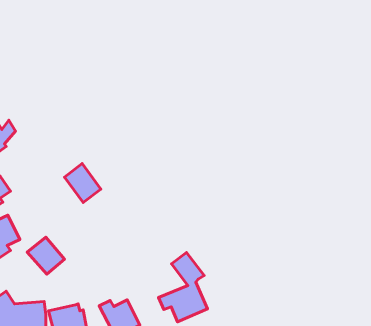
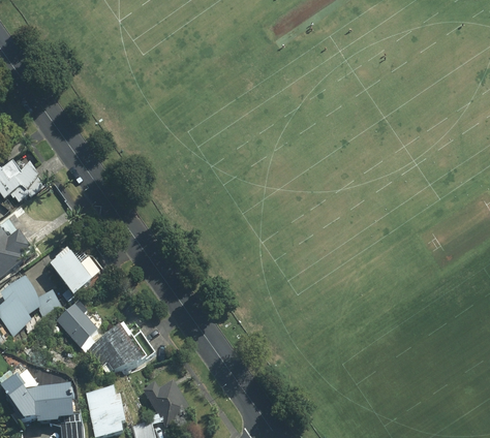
building: [64,164,101,203] -> [51,247,95,294]
building: none -> [80,321,149,373]
building: [159,252,208,322] -> none

